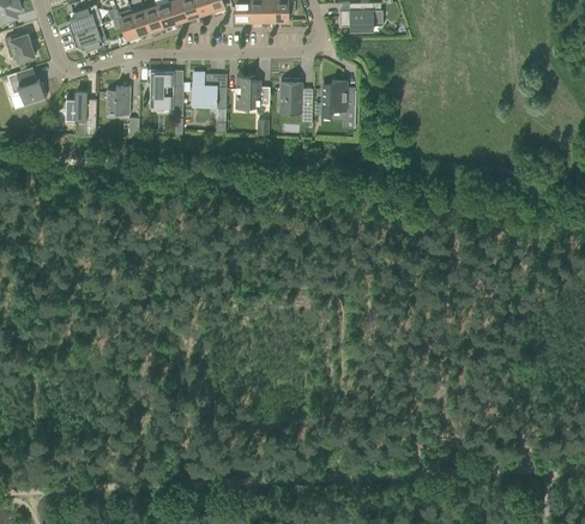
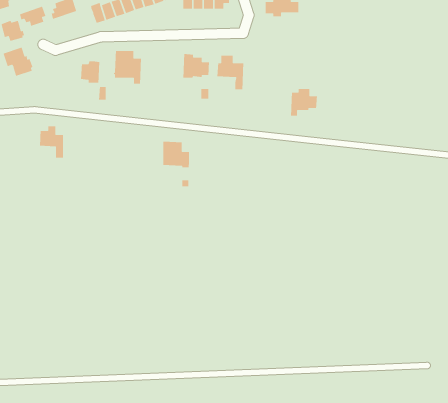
building: [71,24,105,52] -> [19,5,47,27]
building: [192,74,227,133] -> [163,141,190,187]
building: [321,82,356,118] -> [290,88,318,116]
building: [65,94,96,135] -> [39,125,64,159]

